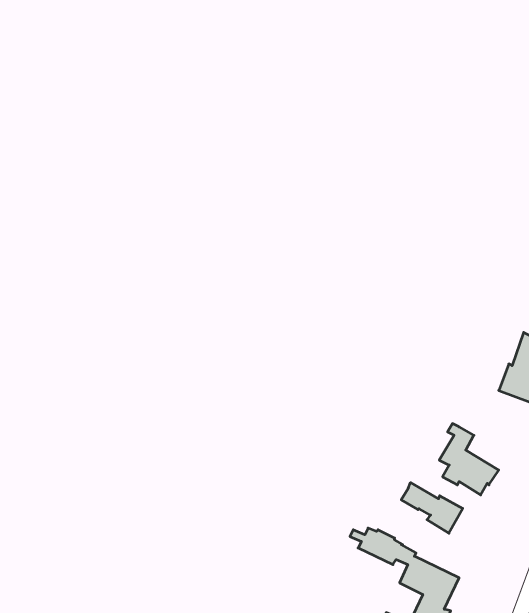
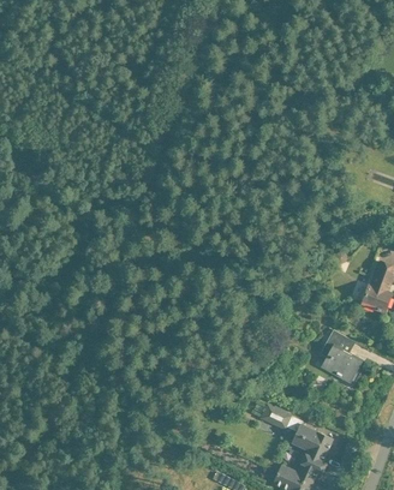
building: [401,483,463,533] -> none

